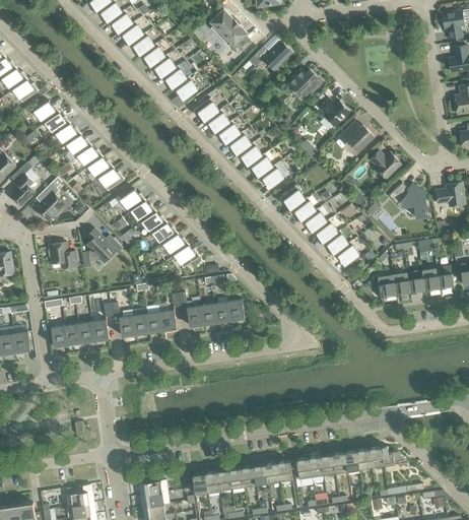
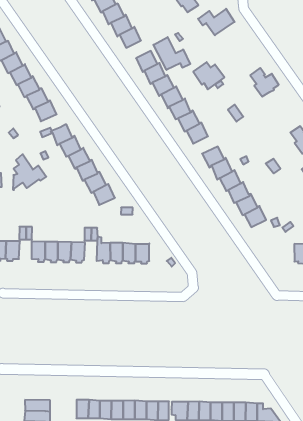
building: [287,70,321,99] -> [193,62,224,89]
building: none -> [153,37,190,70]
building: [338,122,373,151] -> none
building: [365,275,395,298] -> none

